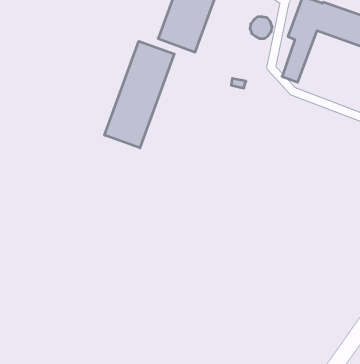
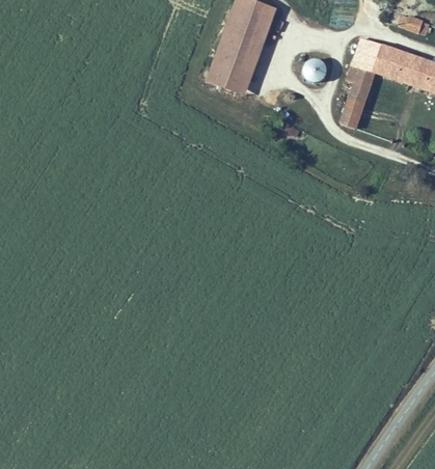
building: [105,41,174,148] -> none

